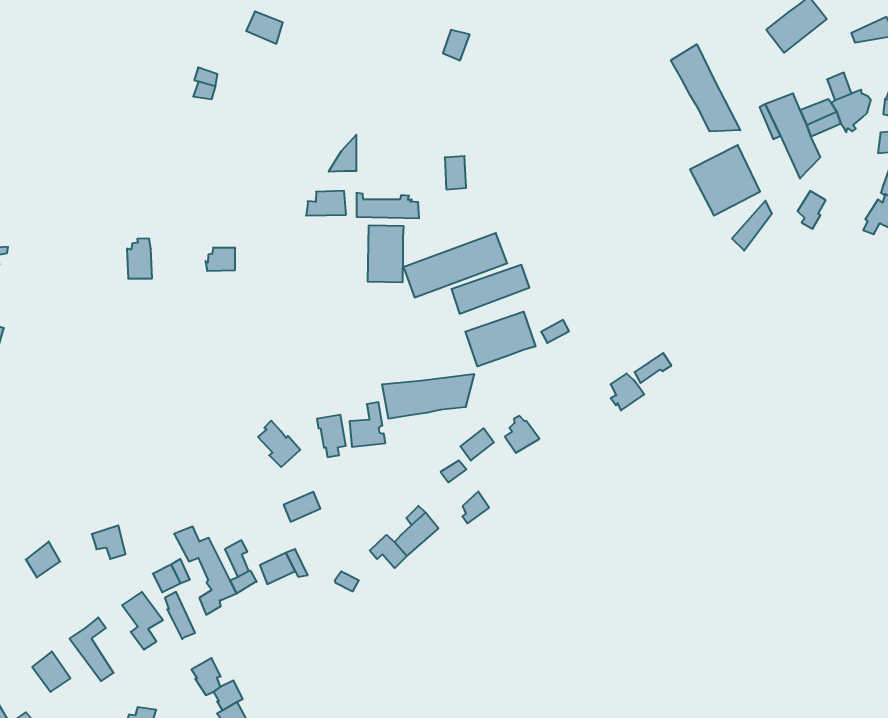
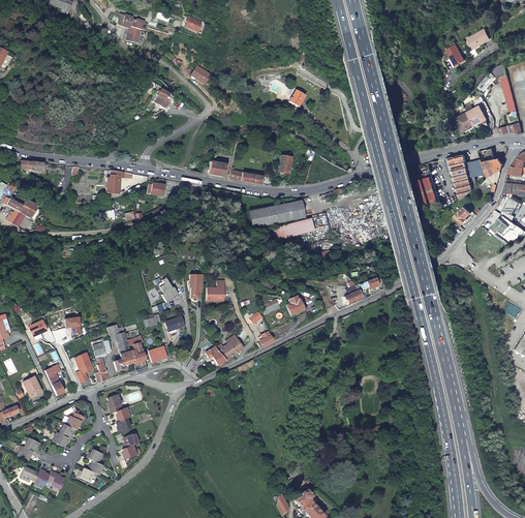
building: [671,44,740,131] -> none
building: [368,225,404,282] -> none
building: [465,312,536,366] -> none
building: [382,374,474,419] -> none

